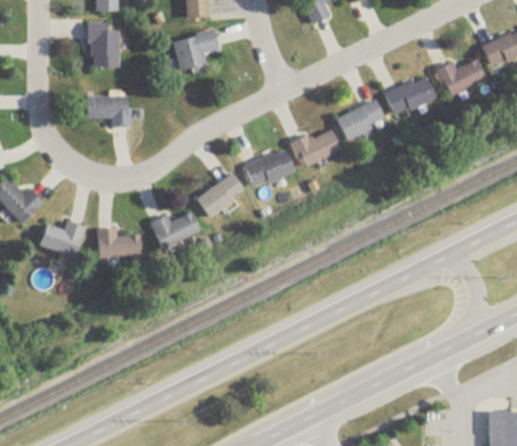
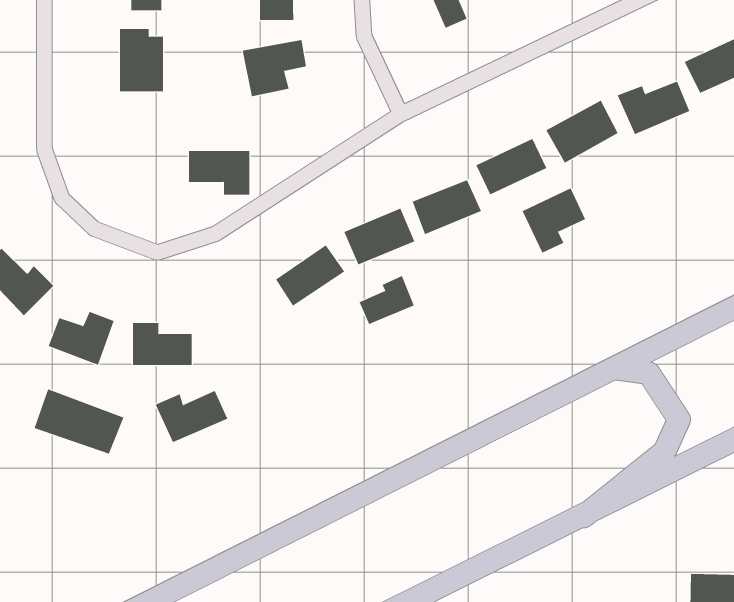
building: [86,96,130,127] -> [188,151,250,195]
building: none -> [522,188,586,254]
building: none -> [359,275,414,325]
building: [149,212,200,249] -> [155,390,228,443]
building: none -> [34,388,124,455]

